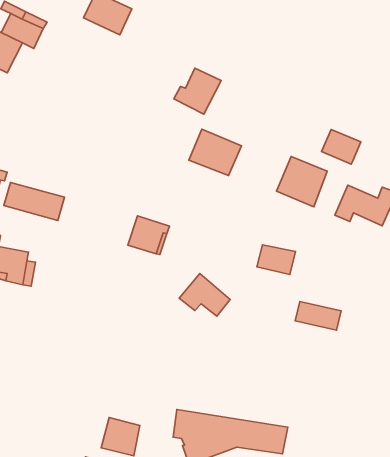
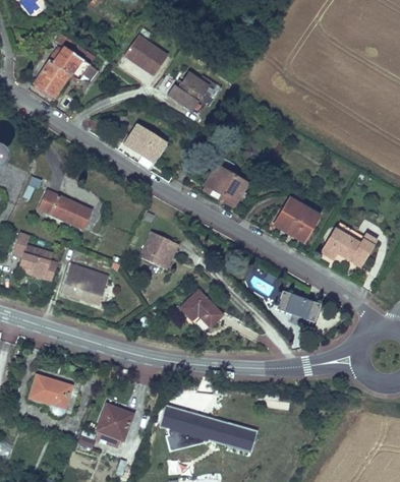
building: [174,68,221,114] -> [168,71,211,112]
building: none -> [124,124,165,159]
building: [322,129,361,164] -> none
building: none -> [62,265,109,305]
building: [295,301,341,330] -> [279,292,320,320]
building: none -> [31,374,73,413]

